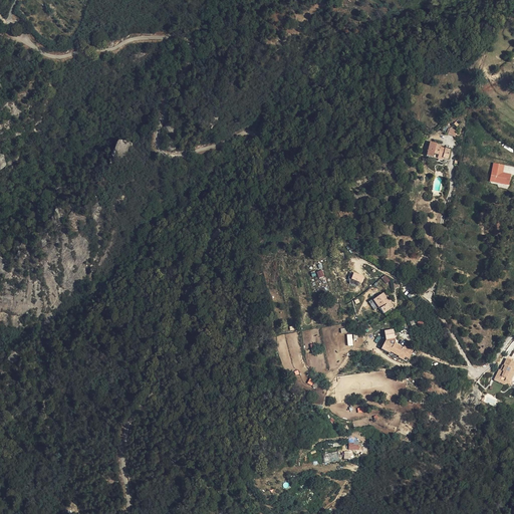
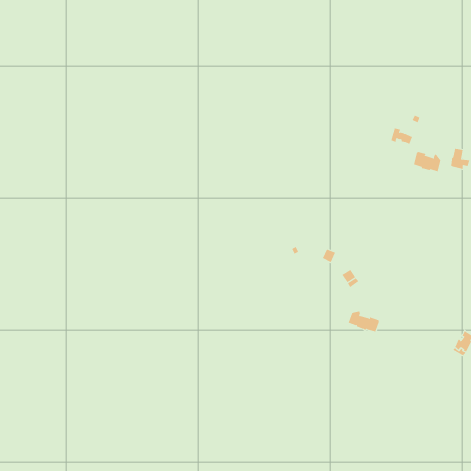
building: none -> [413,151,441,172]

